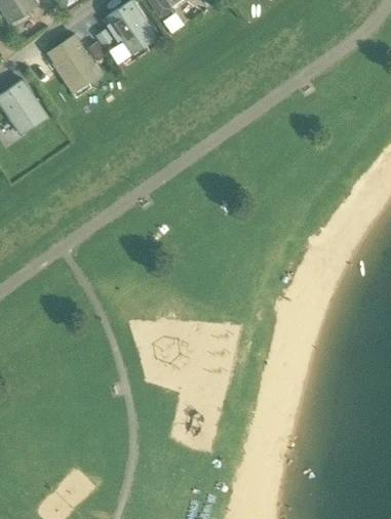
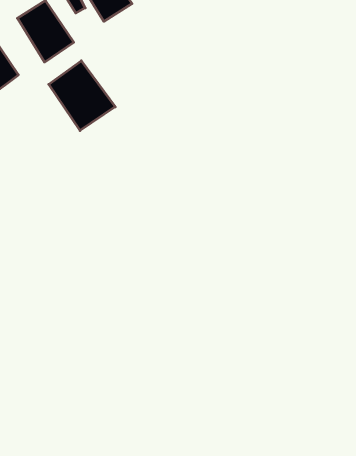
building: none -> [49,61,115,131]

